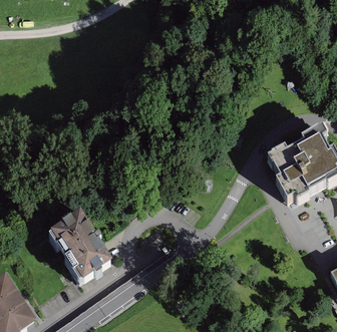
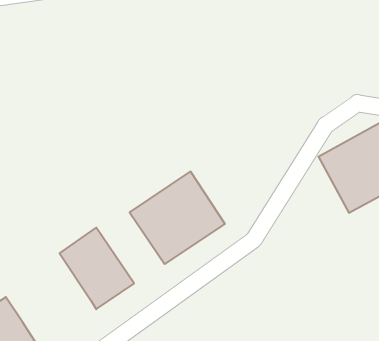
building: none -> [130,171,225,264]

